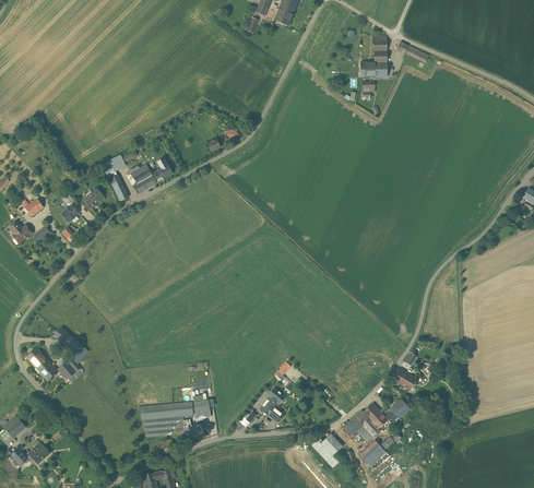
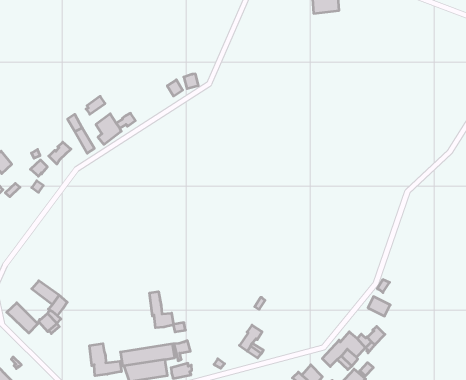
building: none -> [150,292,173,328]
building: none -> [90,344,121,376]

